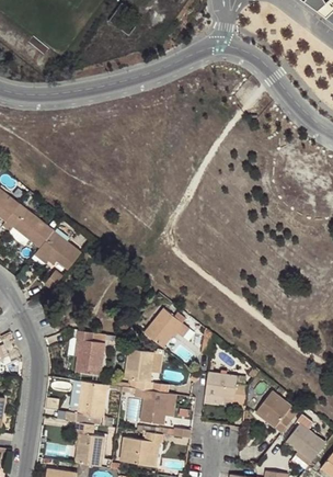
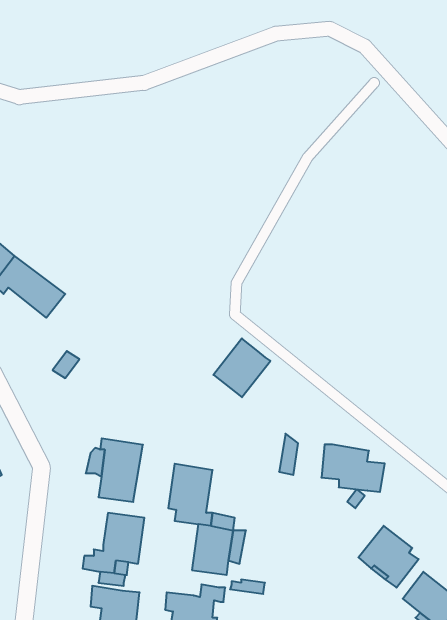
building: [32,230,80,269] -> none
building: [143,307,183,348] -> [213,338,270,397]
building: [205,372,249,405] -> [321,444,385,492]

